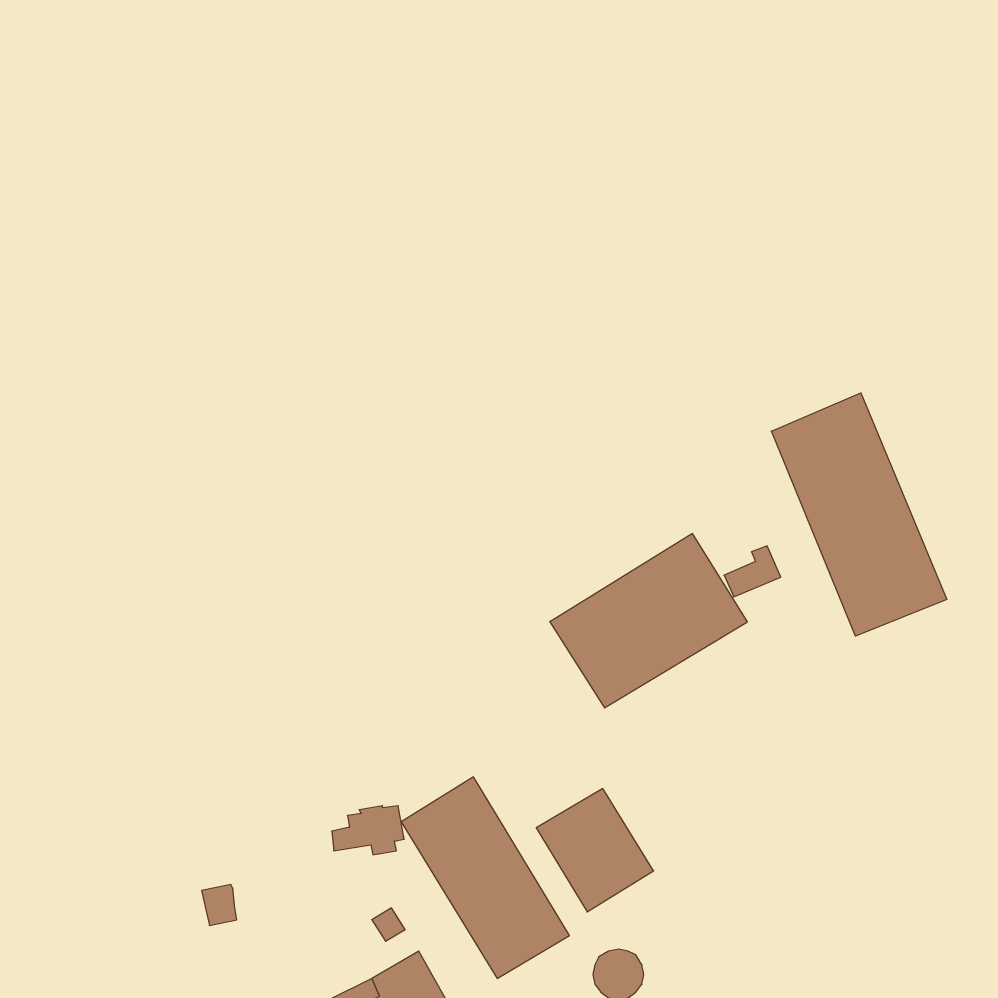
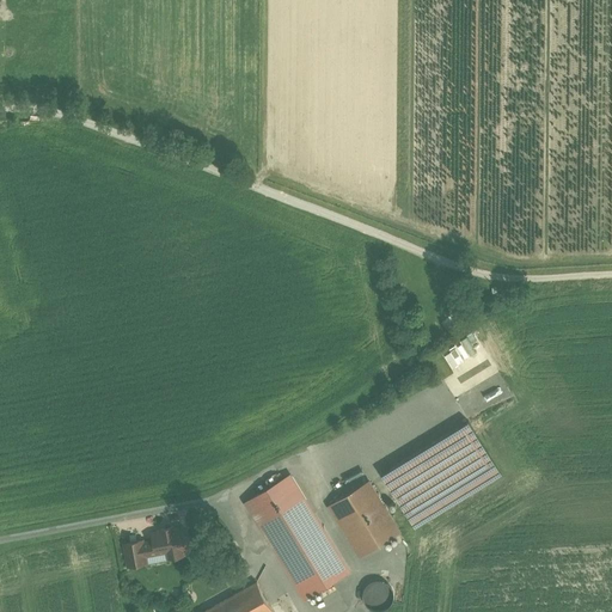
building: [771,393,947,636] -> none
building: [550,534,747,708] -> [380,422,501,528]
building: [332,806,404,855] -> [142,528,186,558]

